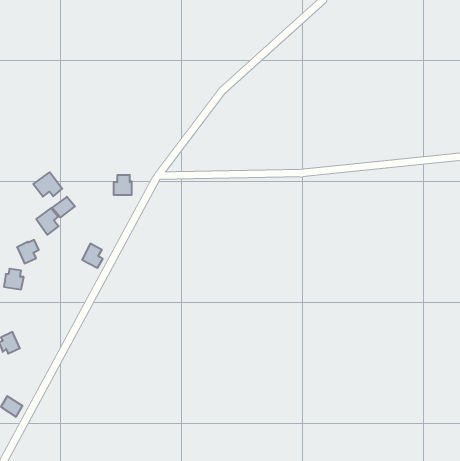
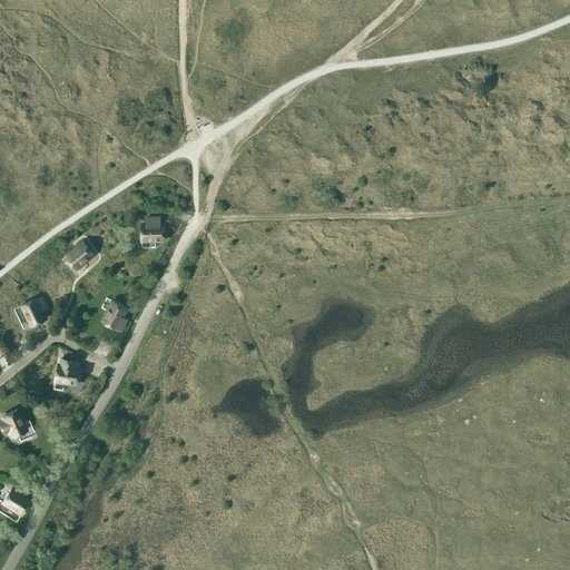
building: [33,172,62,197] -> none
building: [36,208,59,235] -> none
building: [4,269,24,289] -> [55,358,79,384]

